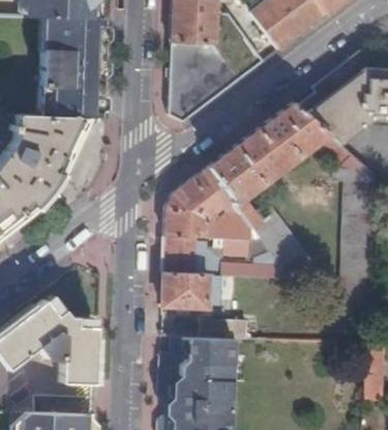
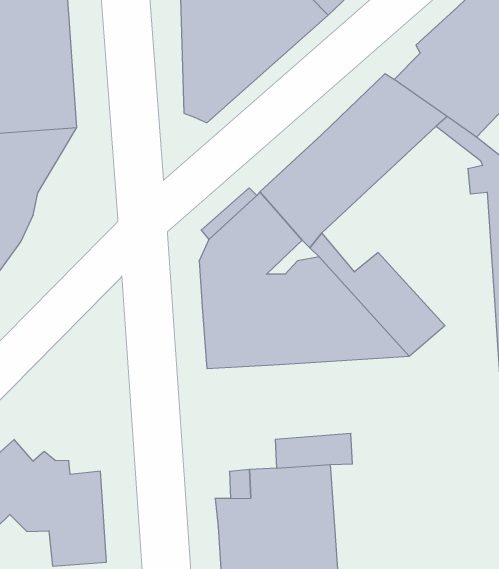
building: [163,271,209,307] -> none

